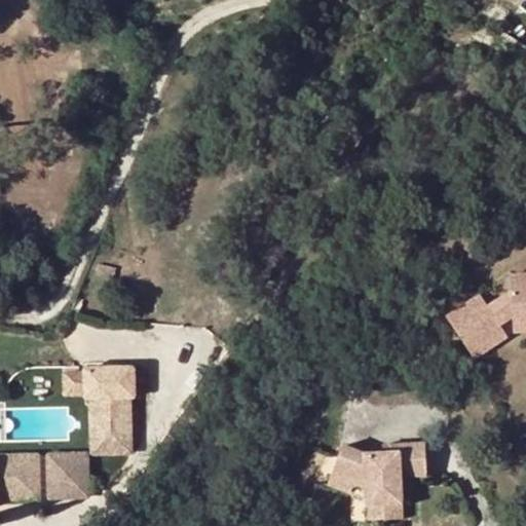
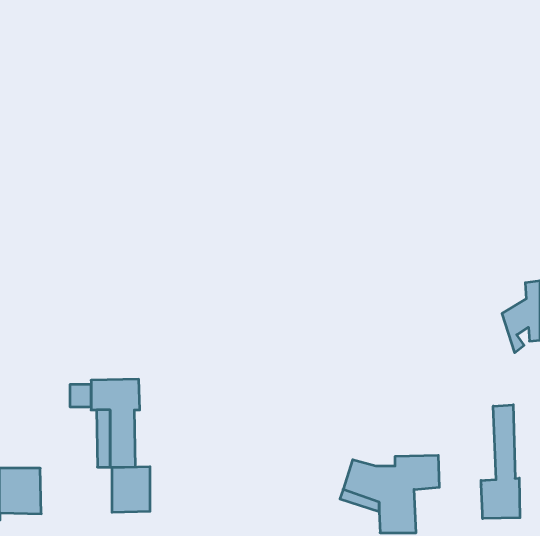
building: [446,294,499,359] -> none
building: none -> [481,405,520,519]
building: [52,453,89,497] -> [112,467,150,512]

